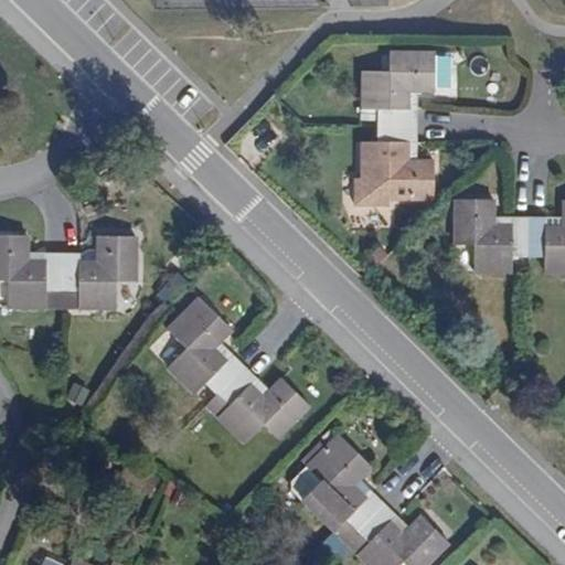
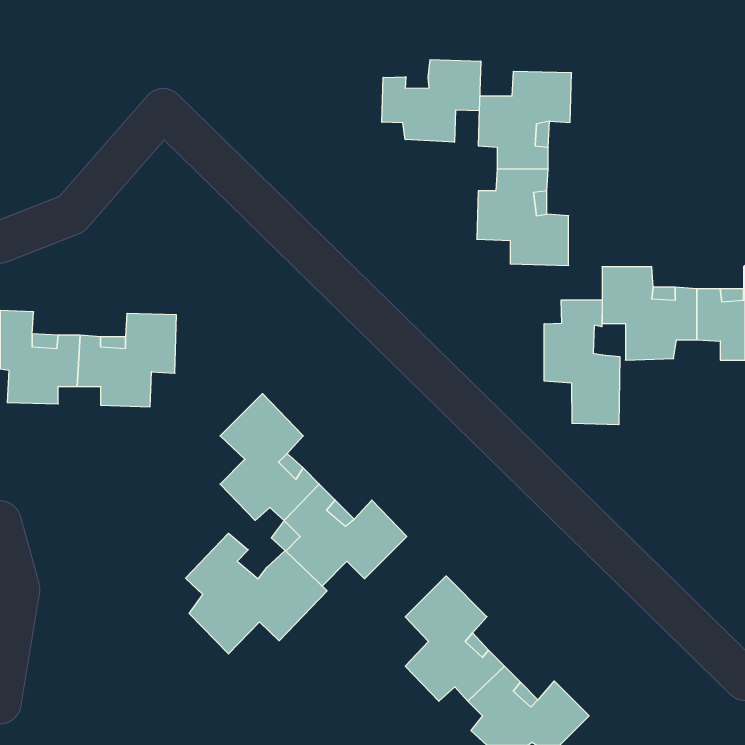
building: none -> [382,60,481,142]
building: none -> [544,300,620,425]
building: none -> [186,533,327,654]

